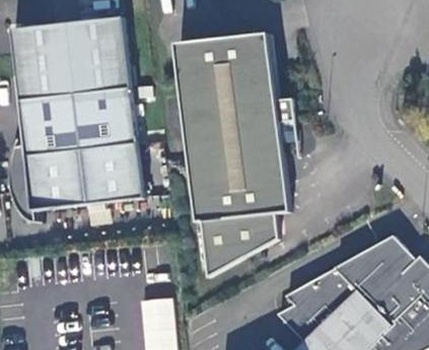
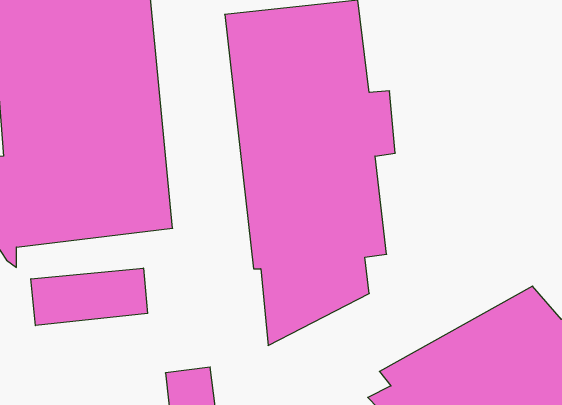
building: none -> [31,268,148,326]

